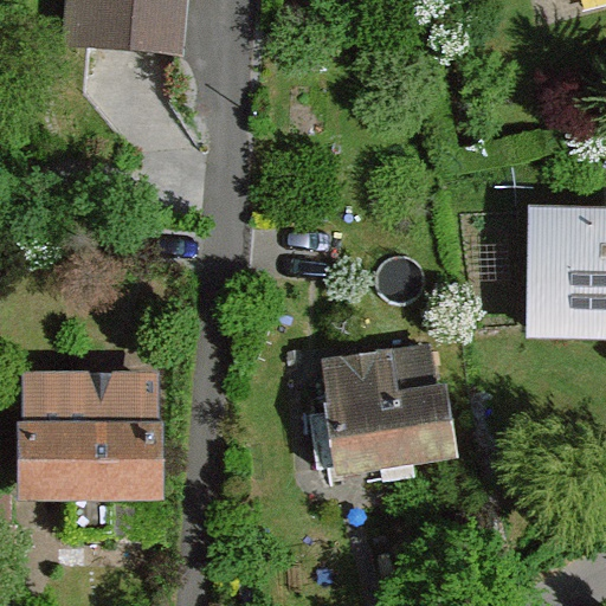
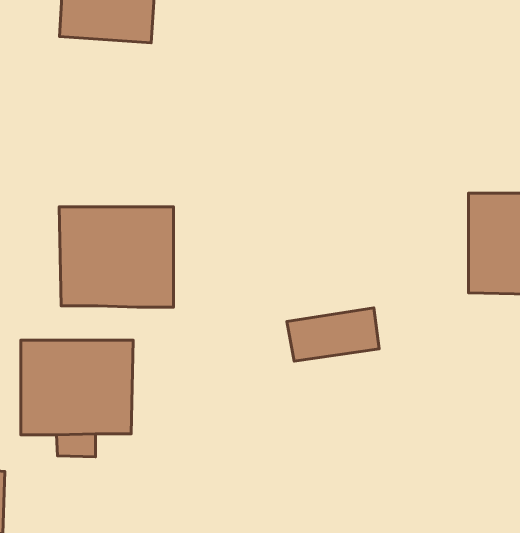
building: none -> [59,207,173,307]
building: [327,392,443,466] -> none

